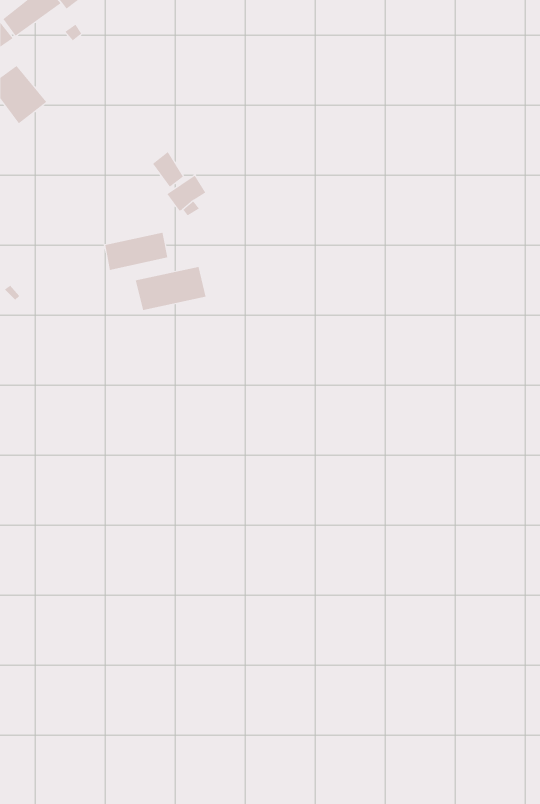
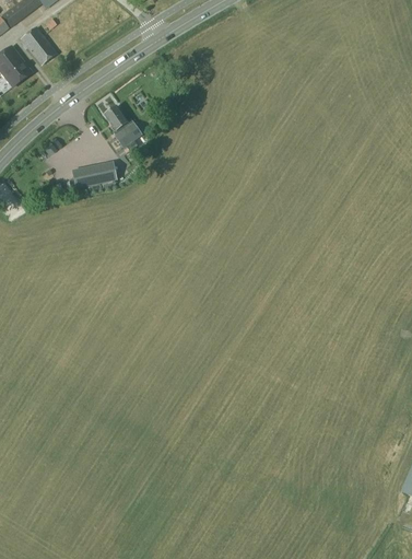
building: none -> [21,26,58,66]
building: [135,266,206,311] -> none

